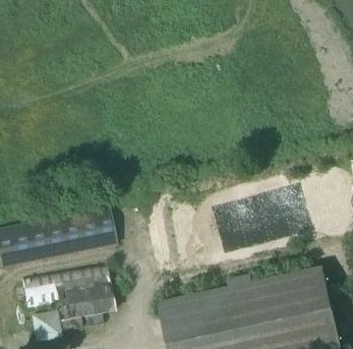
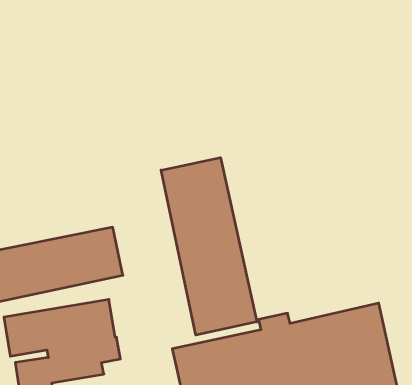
building: none -> [161,158,257,335]

